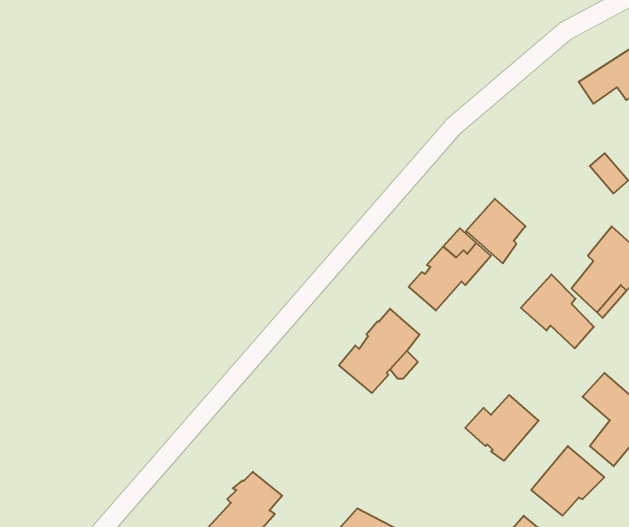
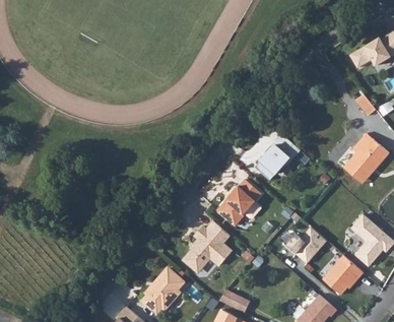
building: [466,199,526,263] -> none
building: [521,274,594,348] -> none
building: none -> [184,220,231,269]

